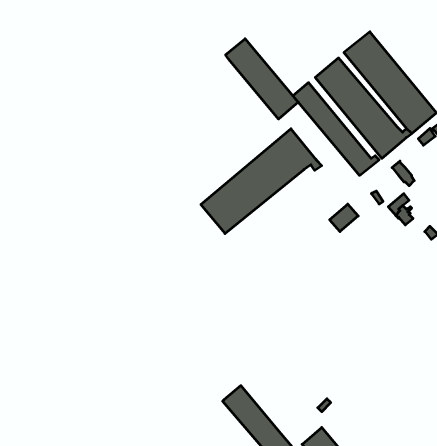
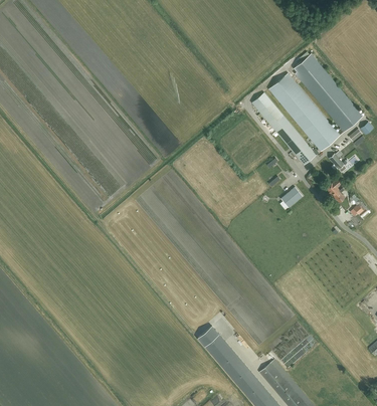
building: [226,39,298,119] -> none
building: [201,129,322,234] -> none

